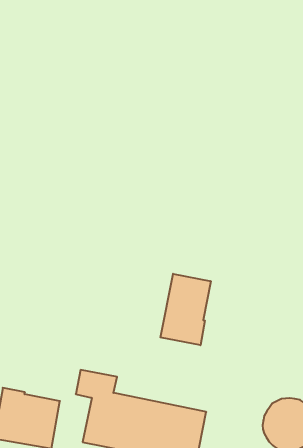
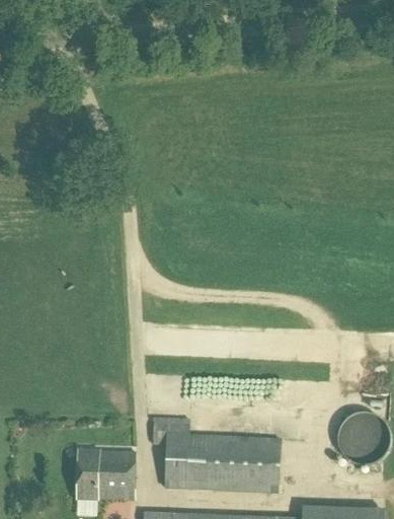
building: [160,274,211,345] -> none

